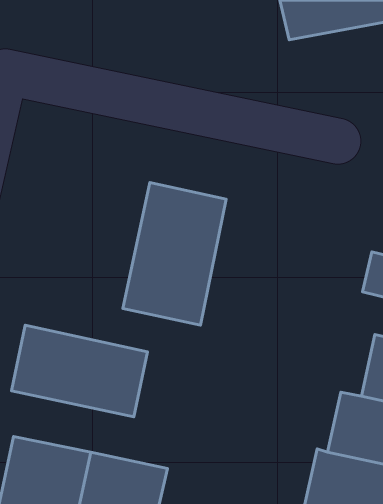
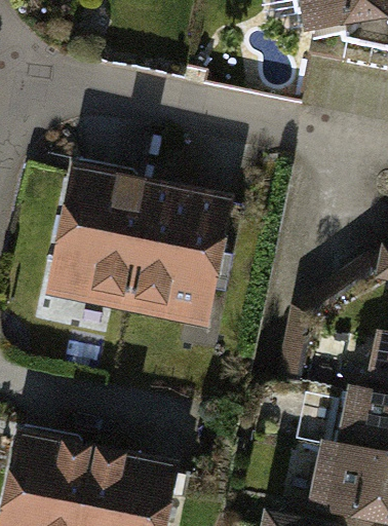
building: none -> [51,165,155,307]
building: [11,325,147,417] -> none

